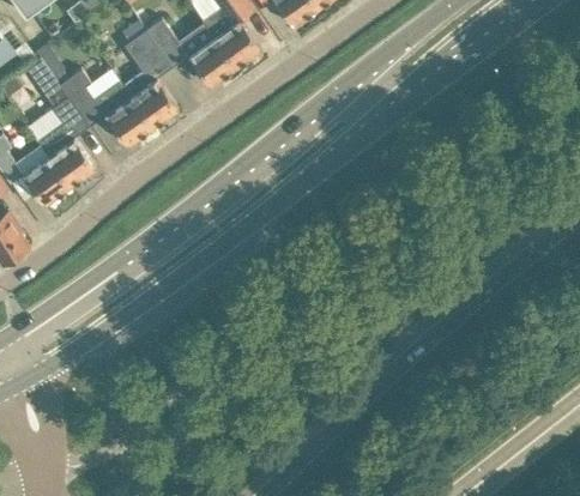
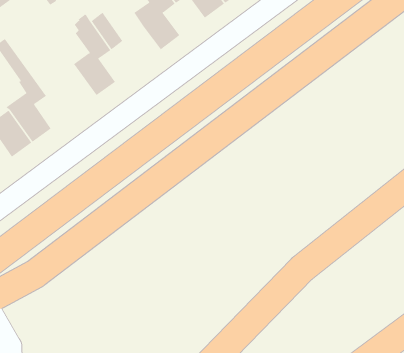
building: [187,38,235,86] -> none
building: [34,43,152,146] -> none

